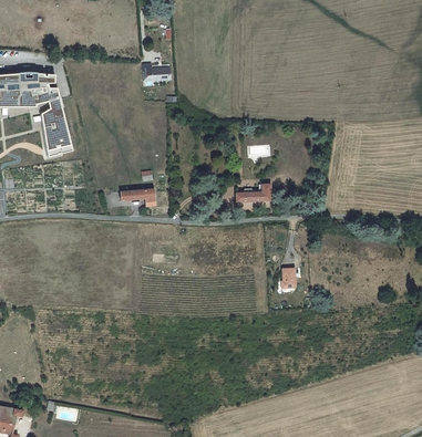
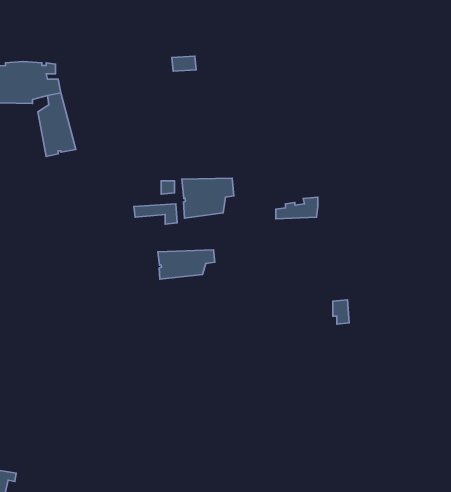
building: none -> [182,178,234,218]
building: none -> [158,250,215,279]

